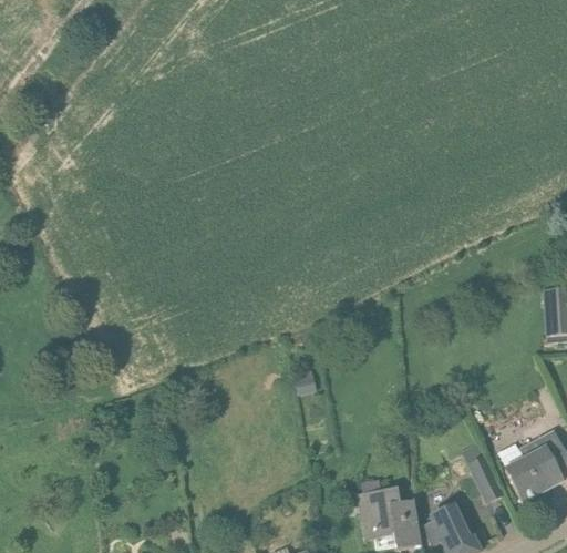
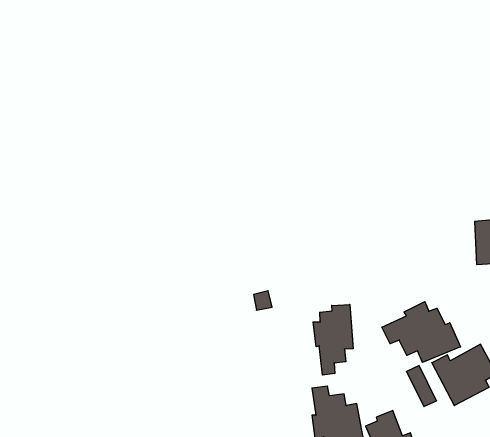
building: none -> [382,302,461,362]
building: none -> [313,304,353,375]

